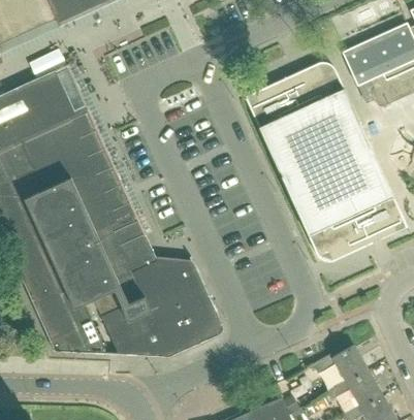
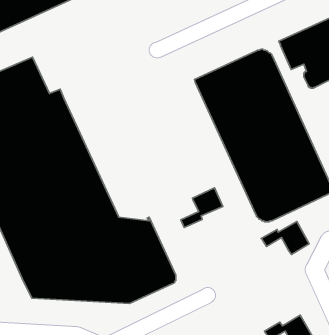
building: none -> [181,188,223,228]
building: [312,345,368,383] -> [261,222,309,255]

